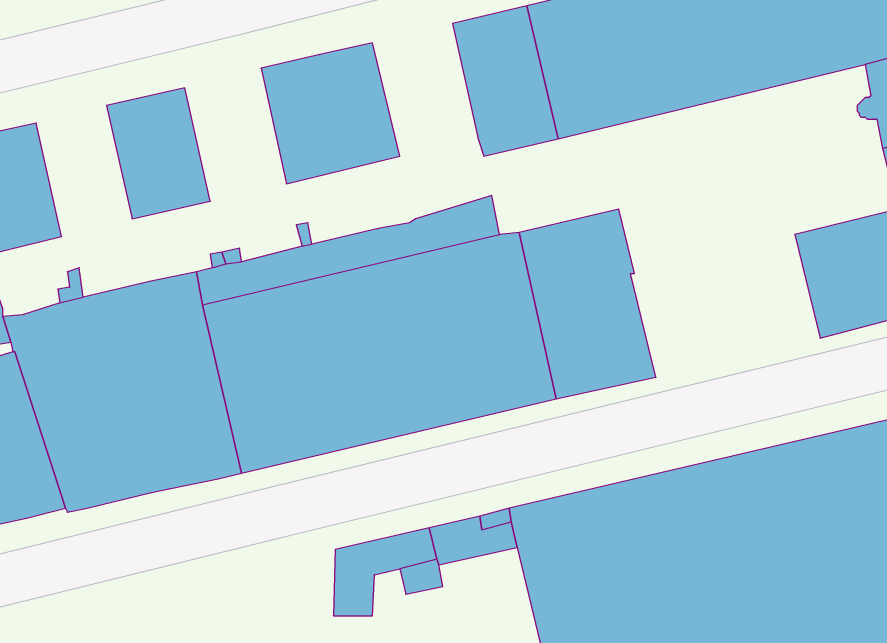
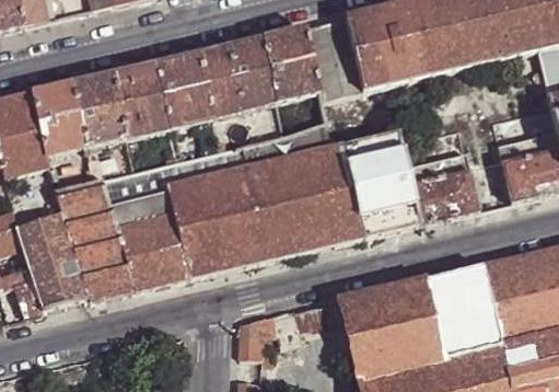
building: none -> [261,26,321,101]
building: none -> [156,51,213,126]
building: none -> [73,72,127,146]
building: none -> [406,152,480,224]

